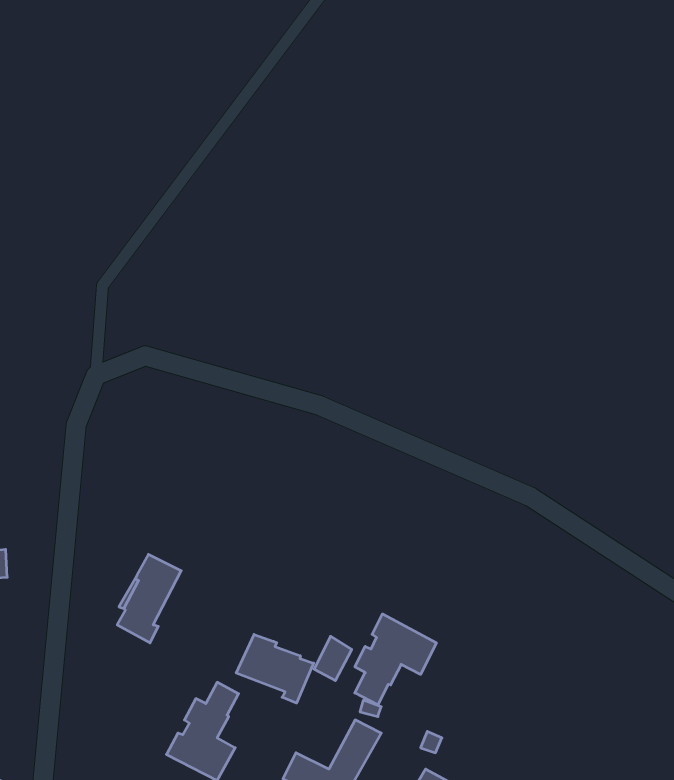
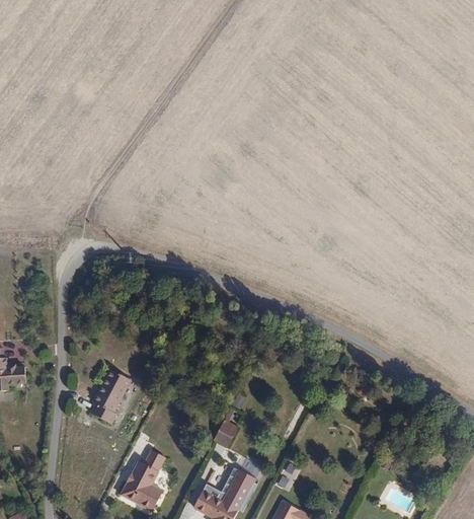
building: [355,614,436,705] -> none
building: [236,634,314,703] -> none

